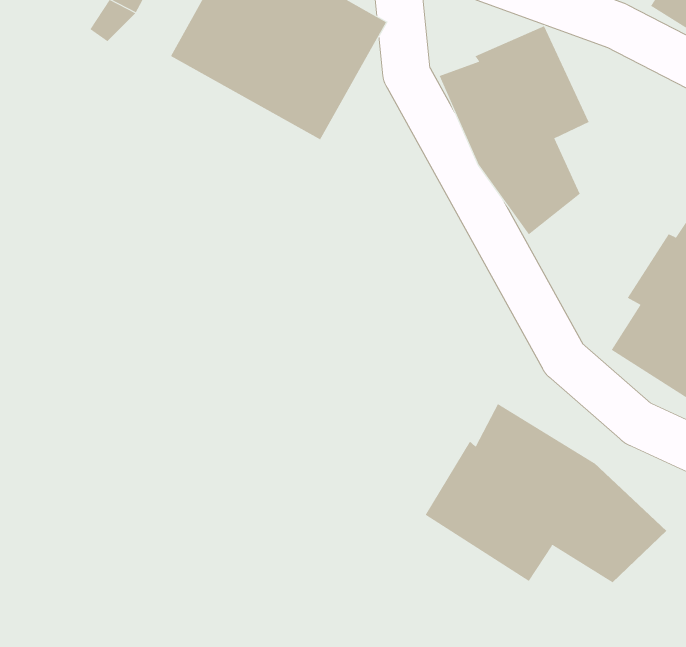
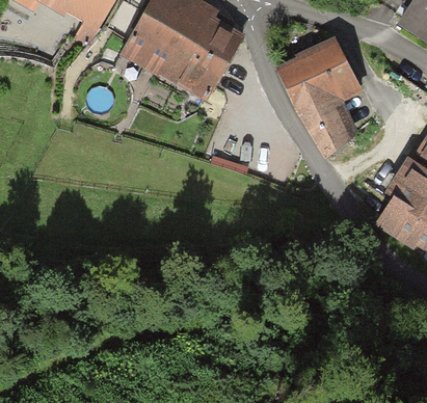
building: [425,403,667,583] -> none

